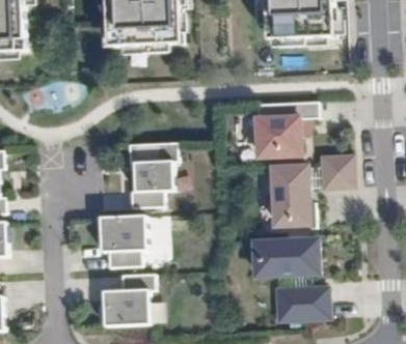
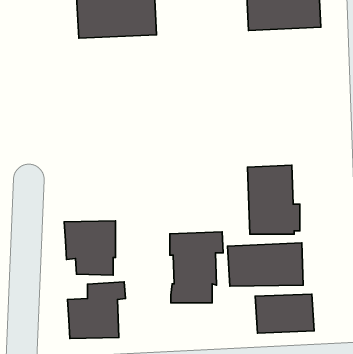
building: [251,102,321,162] -> none
building: [129,143,179,209] -> [170,232,223,303]
building: [322,156,356,190] -> none

